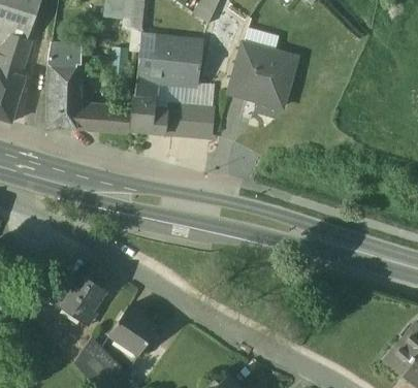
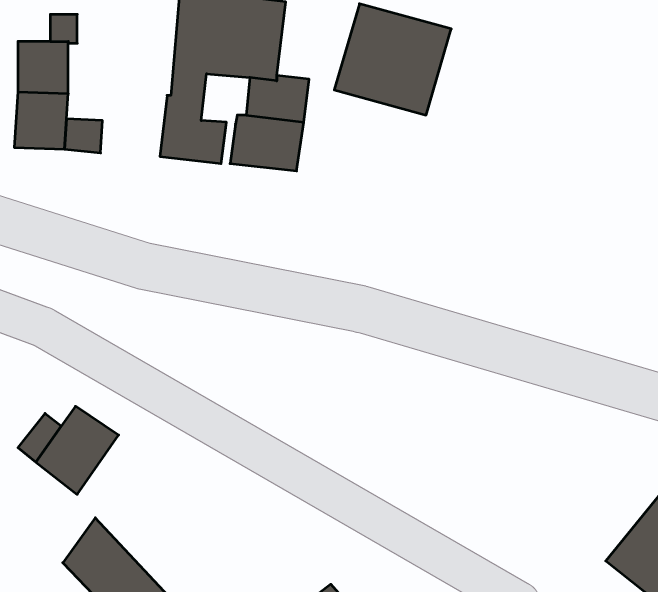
building: [153,83,181,111] -> none
building: [95,109,131,131] -> none
building: [109,306,157,356] -> none

